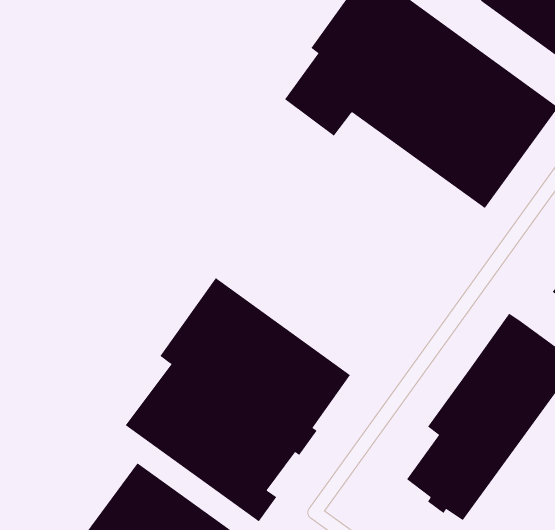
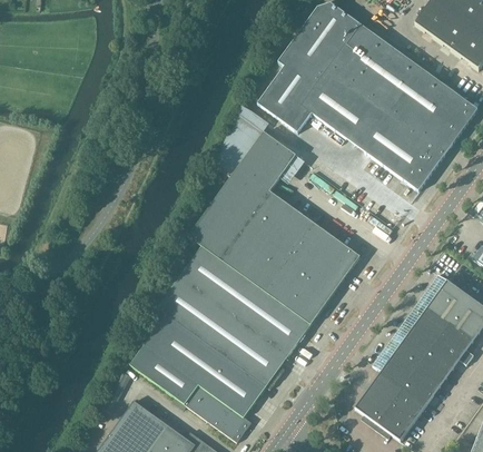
building: none -> [188,131,359,324]

